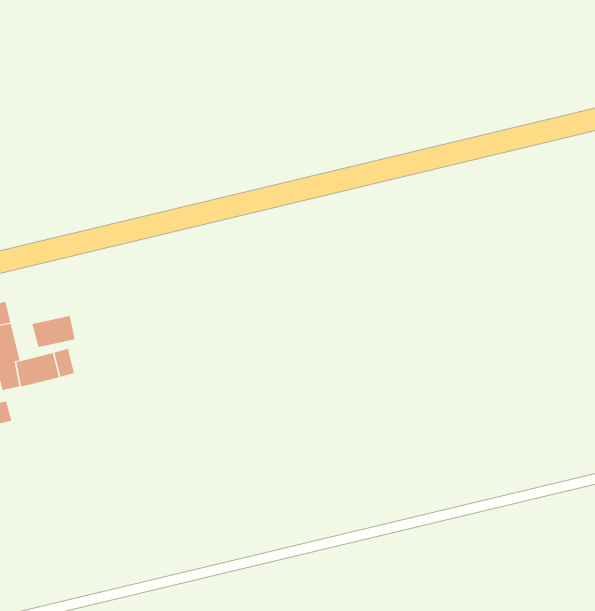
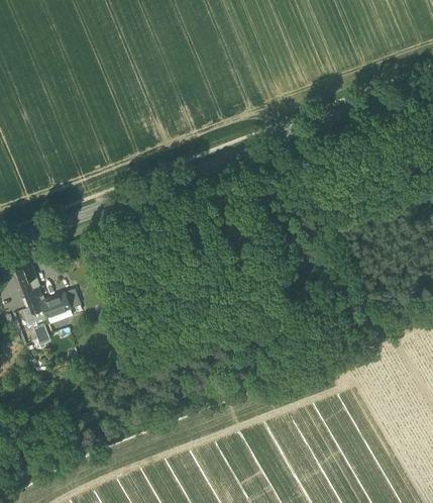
building: [32,315,75,348] -> none

